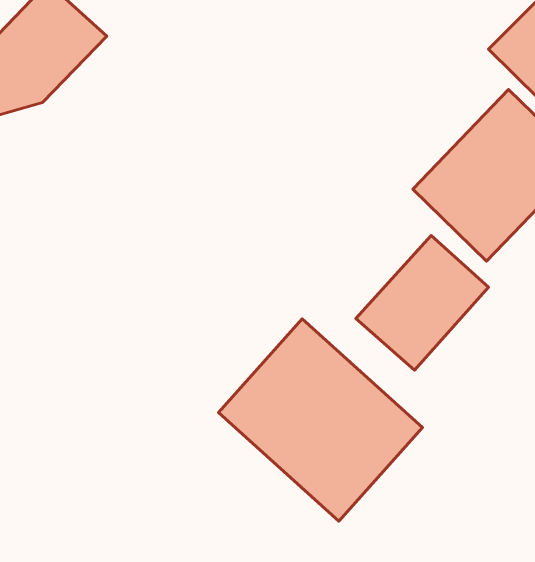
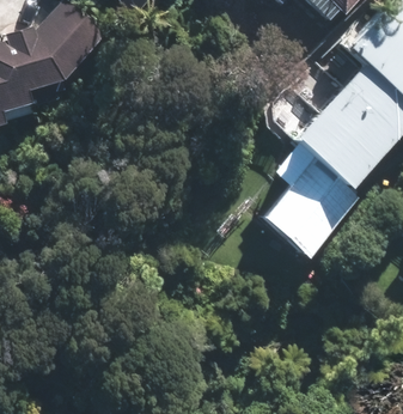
building: [219,319,423,521] -> none

